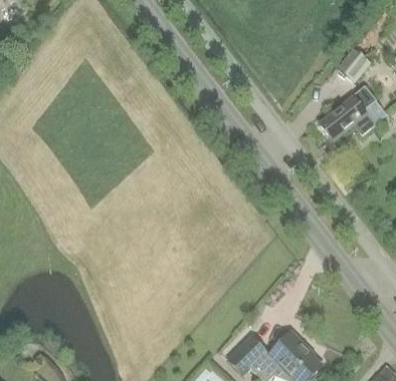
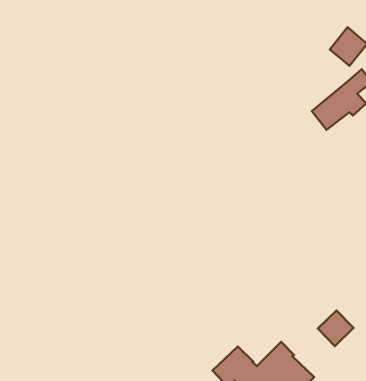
building: none -> [318,310,353,346]

